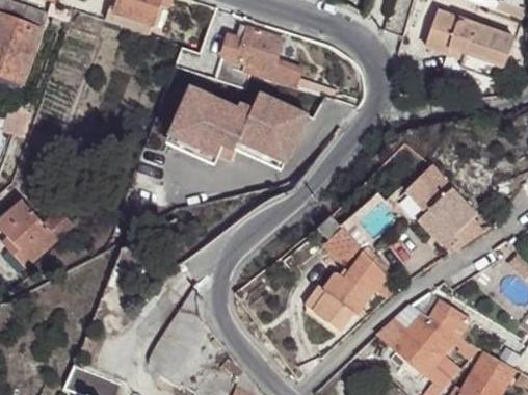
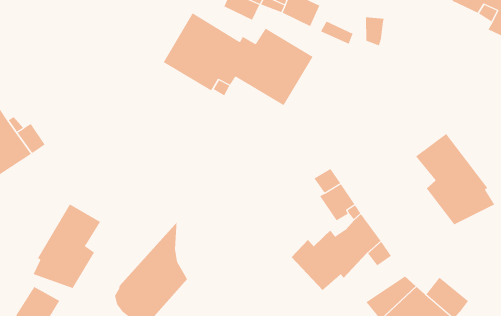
building: none -> [33,204,101,289]

